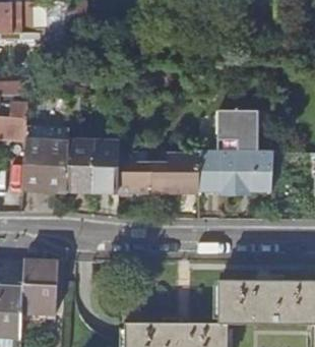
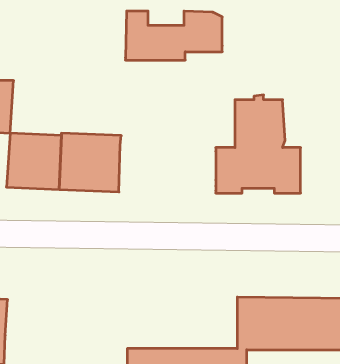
building: [118,151,200,192] -> [125,11,222,60]
building: [21,261,58,313] -> none

